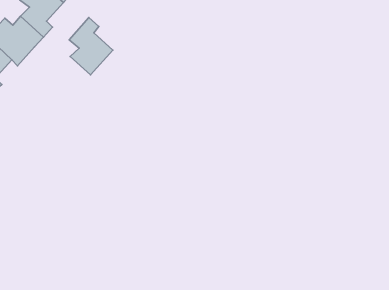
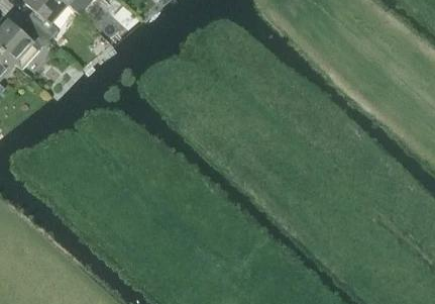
building: [69,18,113,75] -> none

